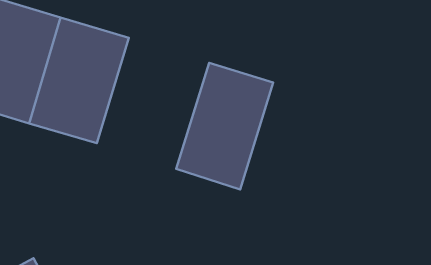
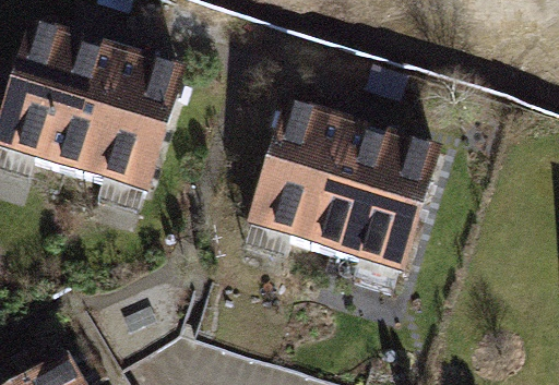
building: none -> [321,123,442,278]

